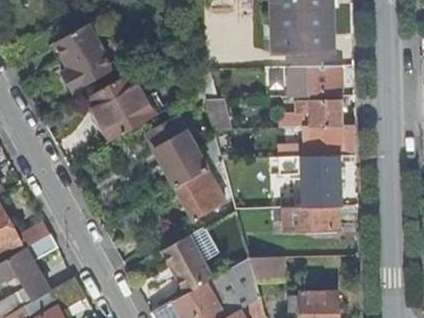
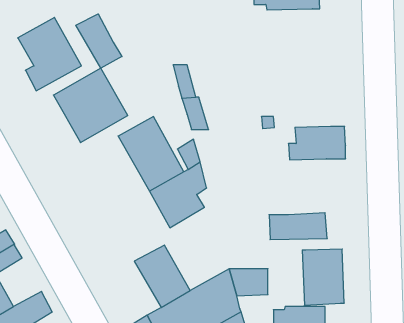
building: [283,16,333,50] -> none
building: none -> [76,14,122,68]
building: [288,65,341,97] -> none
building: [309,100,342,126] -> none
building: [301,155,340,207] -> [302,249,344,305]

